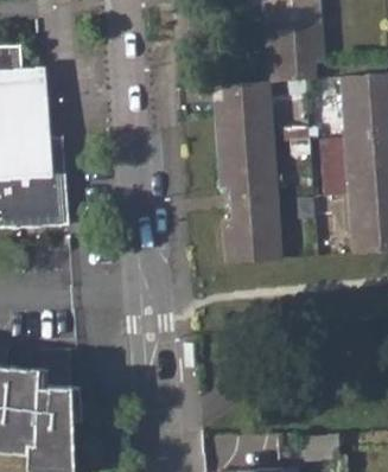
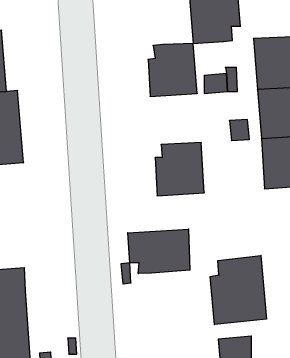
building: [218,143,279,204] -> none
building: none -> [128,229,190,274]
building: none -> [210,255,266,325]

